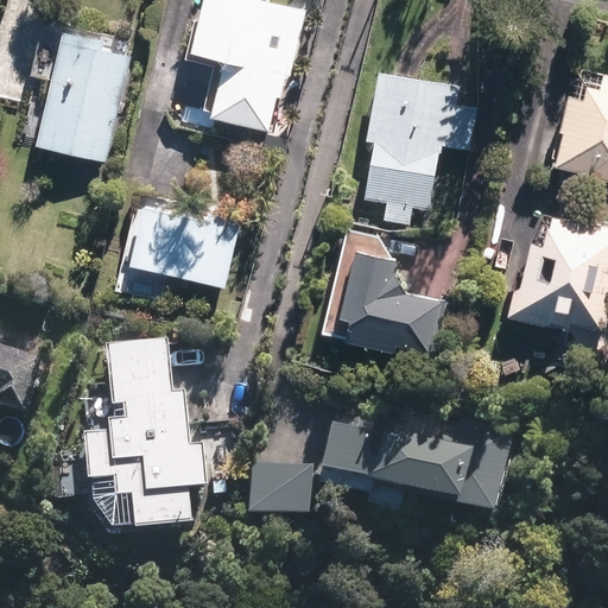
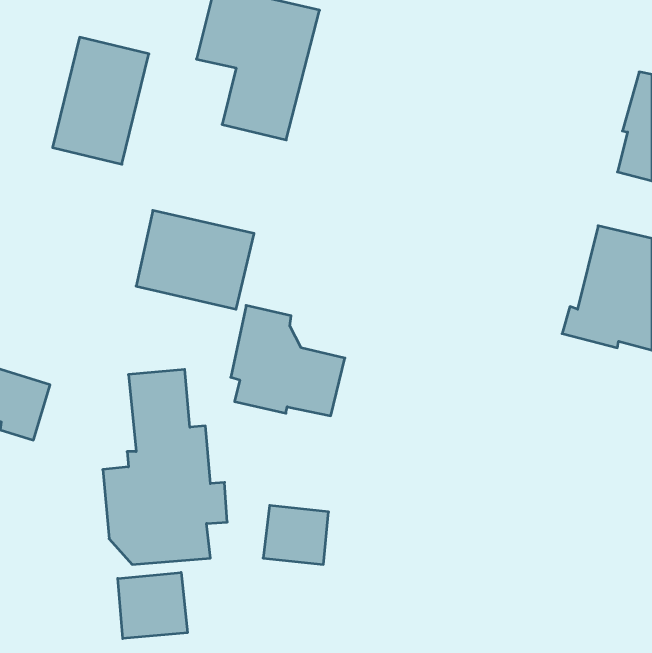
building: [359,72,470,217] -> none
building: [334,252,439,354] -> [231,305,345,416]
building: [311,425,507,528] -> none
building: none -> [118,572,187,639]

